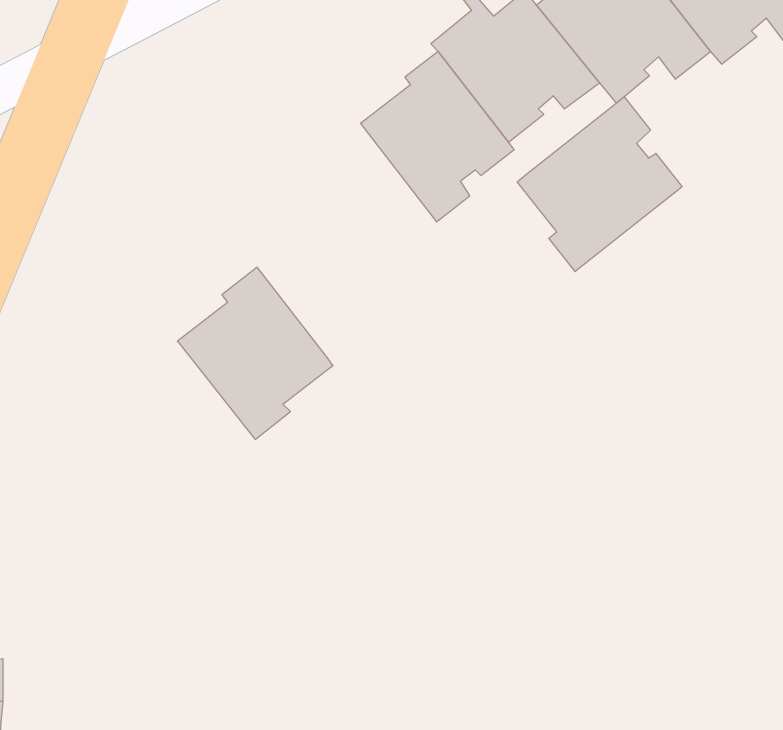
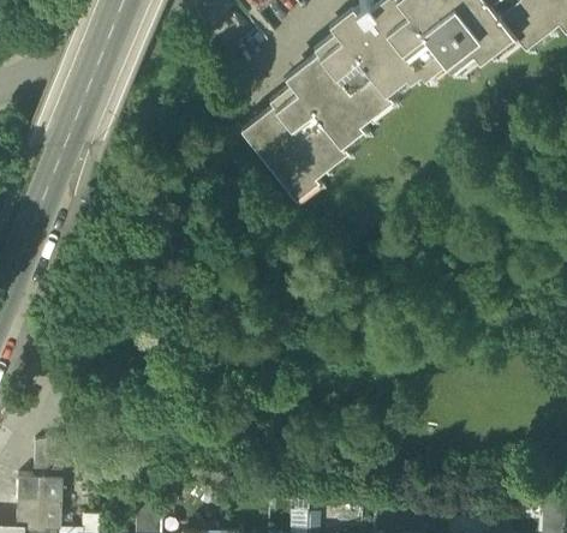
building: [517,97,682,272] -> none
building: [177,267,333,439] -> [244,92,345,204]

